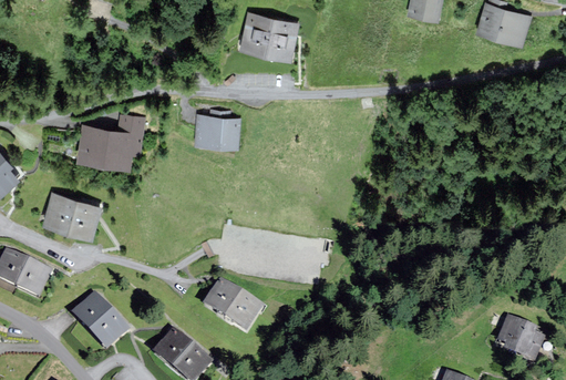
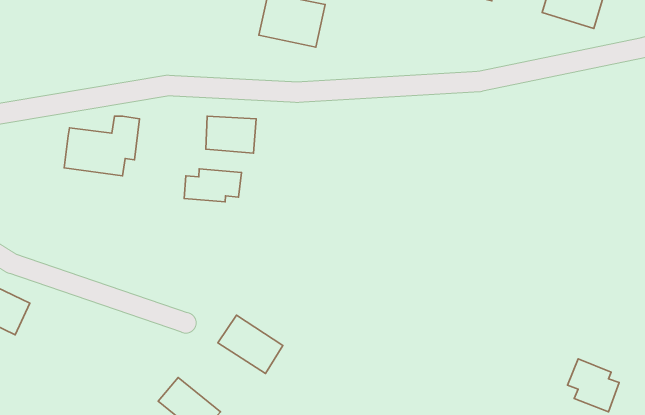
building: none -> [184,169,241,202]
building: [45,194,99,236] -> none
building: [74,297,127,351] -> none

